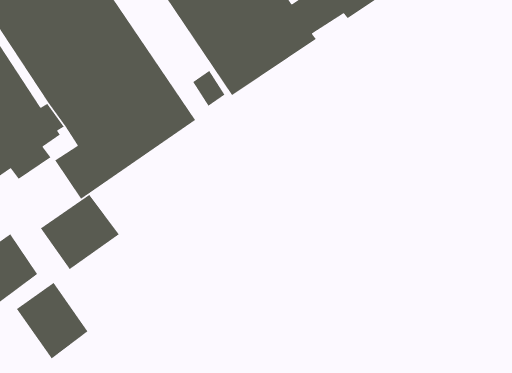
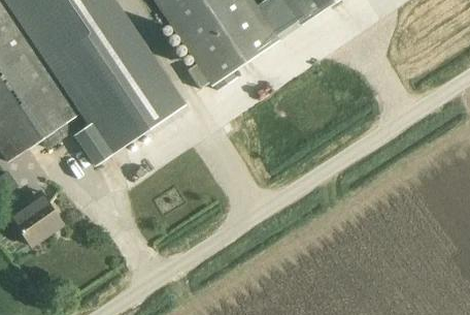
building: [40,194,120,270] -> none
building: [16,282,88,359] -> none

